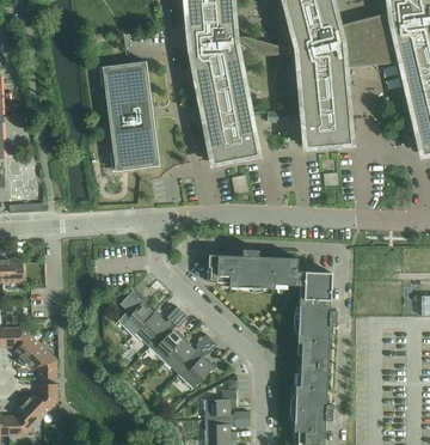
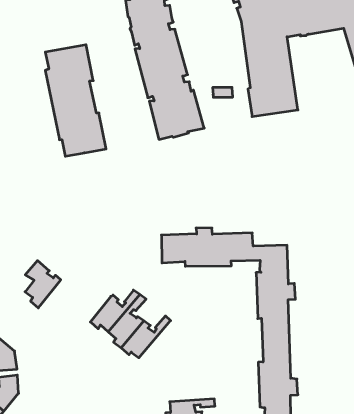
building: [117,291,153,337] -> [25,261,61,308]
building: [177,339,216,391] -> none
building: [199,389,248,419] -> none

